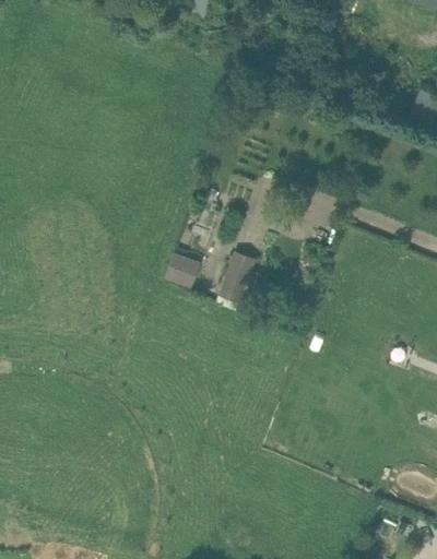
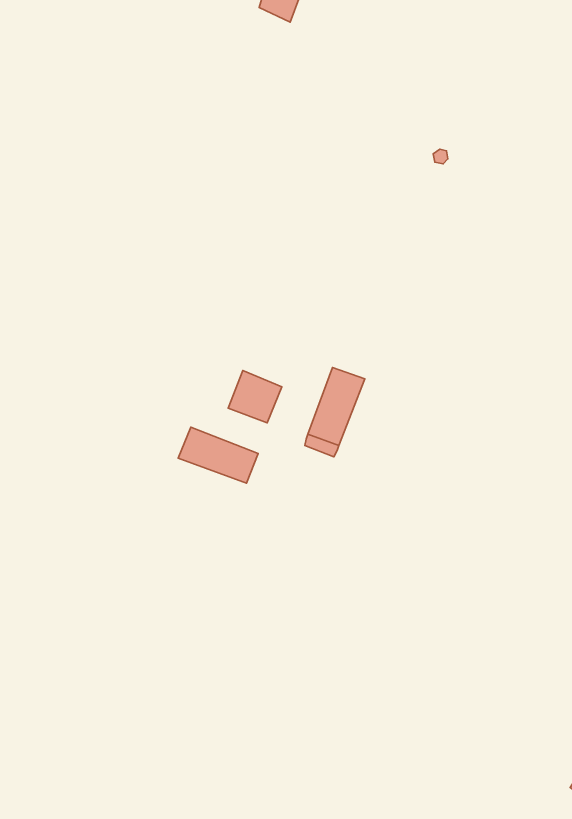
building: none -> [178,427,258,483]

